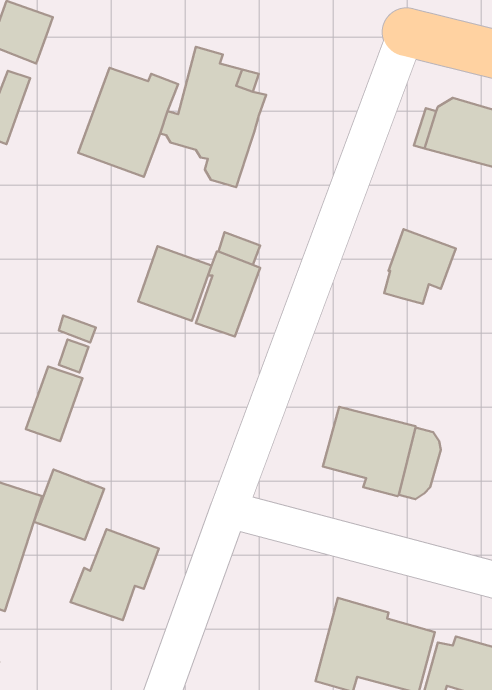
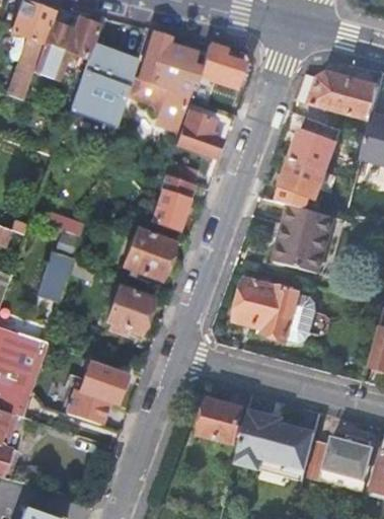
building: none -> [32,19,95,81]
building: none -> [199,45,243,89]
building: none -> [177,112,220,158]
building: none -> [292,117,342,171]
building: [138,246,211,321] -> [123,230,172,281]
building: none -> [275,205,335,272]
building: [34,470,104,540] -> [105,287,153,335]
building: none -> [196,398,241,444]

